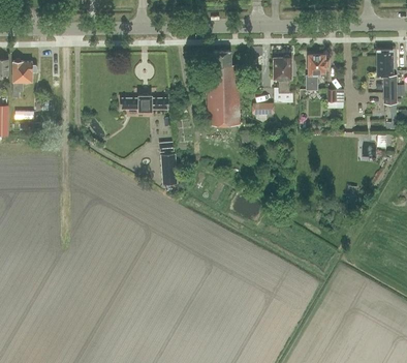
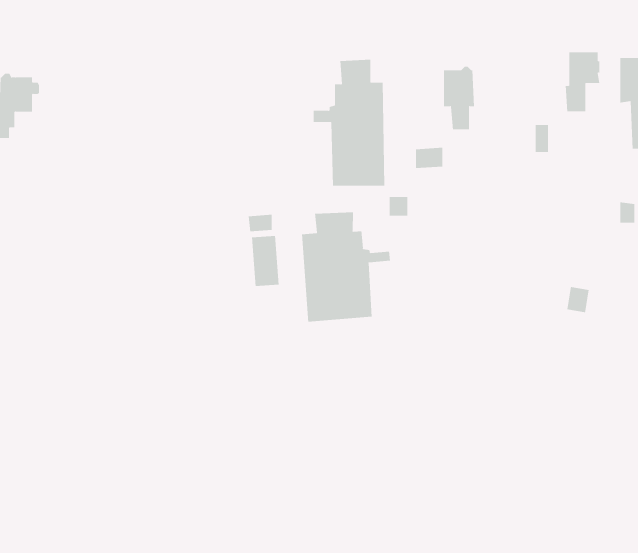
building: [306,55,326,90] -> [565,52,600,112]
building: [121,95,168,111] -> none
building: none -> [301,211,391,323]

